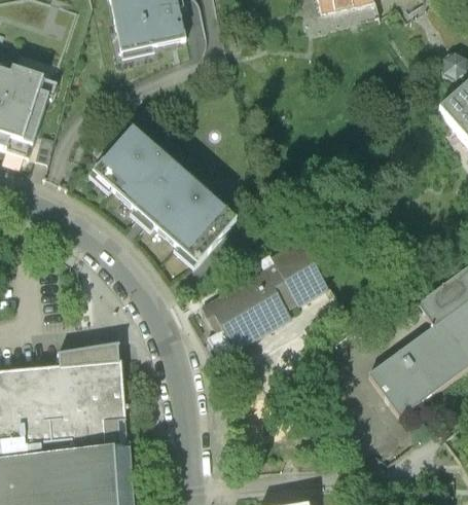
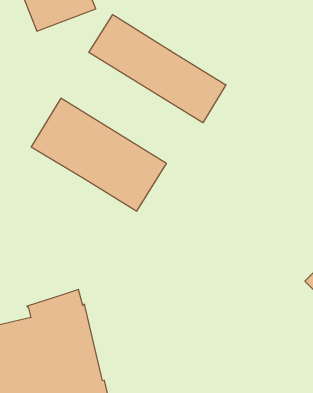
building: none -> [89,15,226,123]
building: [202,240,326,350] -> none

